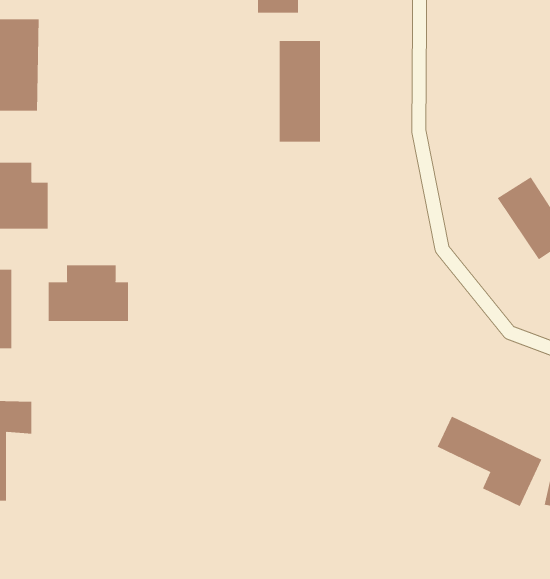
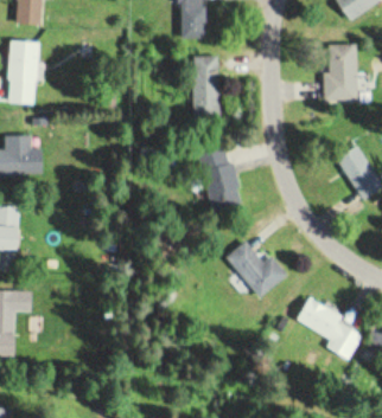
building: none -> [325,43,357,99]
building: none -> [200,143,242,214]
building: [48,265,128,322] -> none
building: none -> [227,237,286,297]

